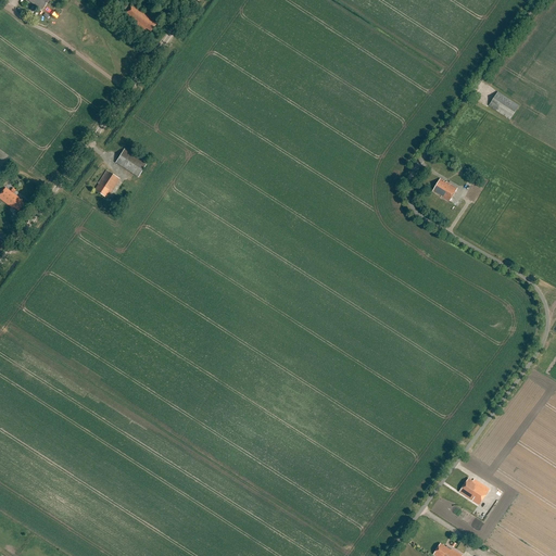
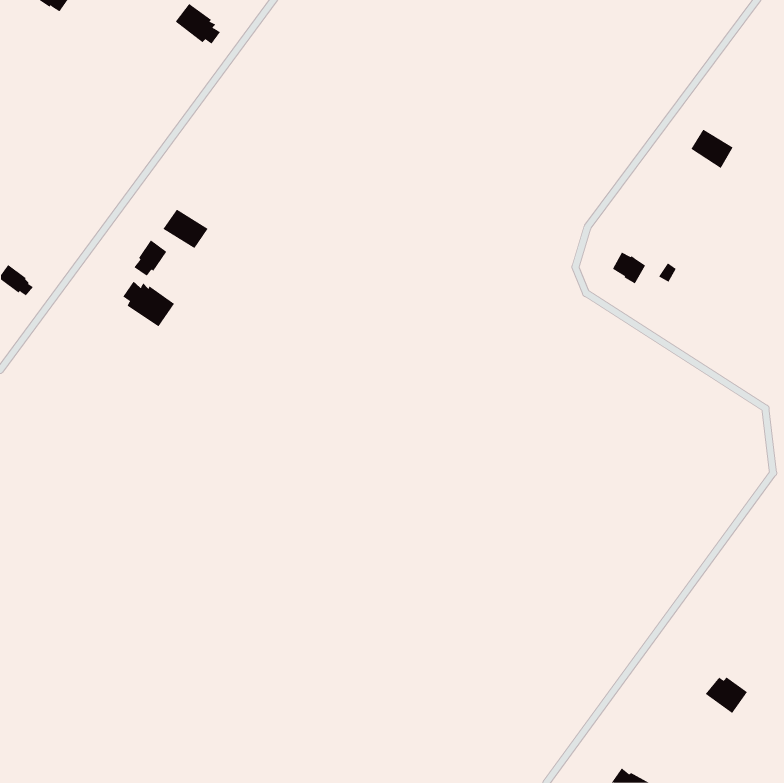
building: none -> [122,281,175,327]
building: [459,479,490,505] -> [705,677,748,714]

